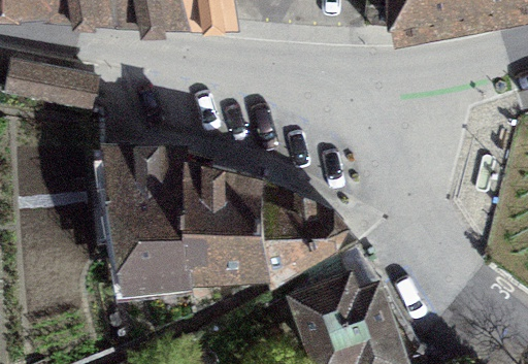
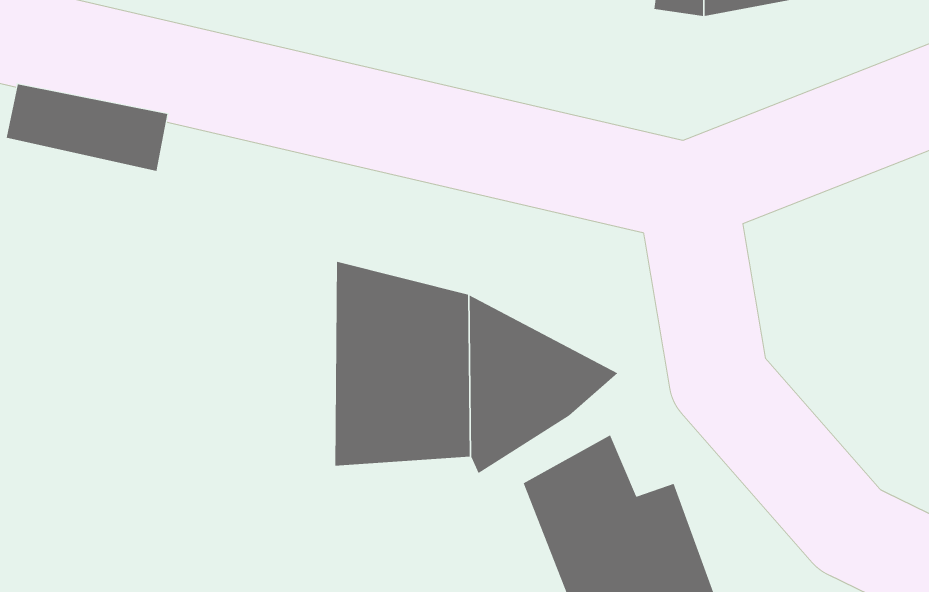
building: [103,158,189,290] -> none

